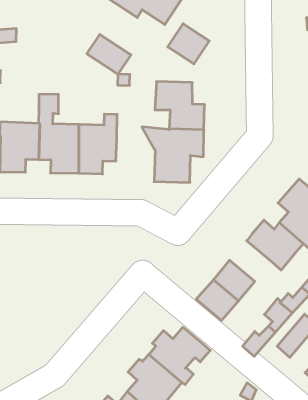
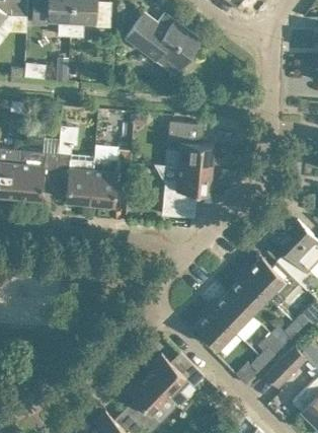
building: [168,24,209,64] -> none
building: [87,34,131,74] -> none
building: none -> [227,276,266,314]

